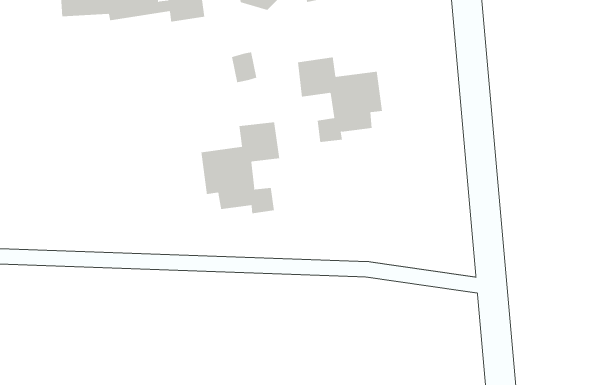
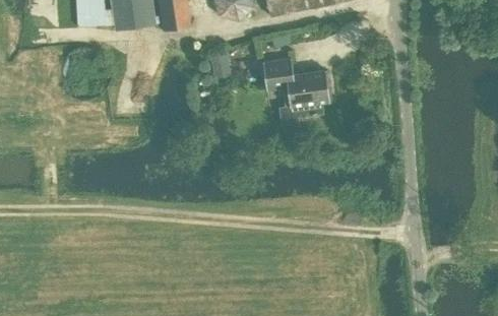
building: [201,121,280,214] -> none

